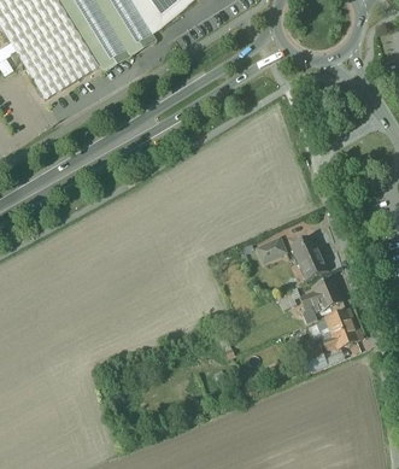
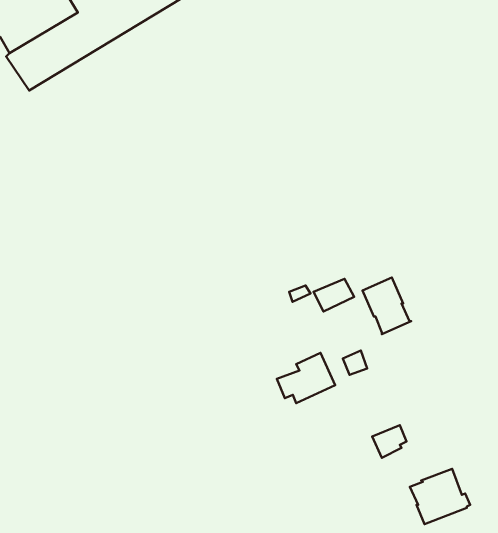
building: [301,276,345,313] -> [277,353,335,403]
building: [319,310,364,351] -> [410,469,470,524]

